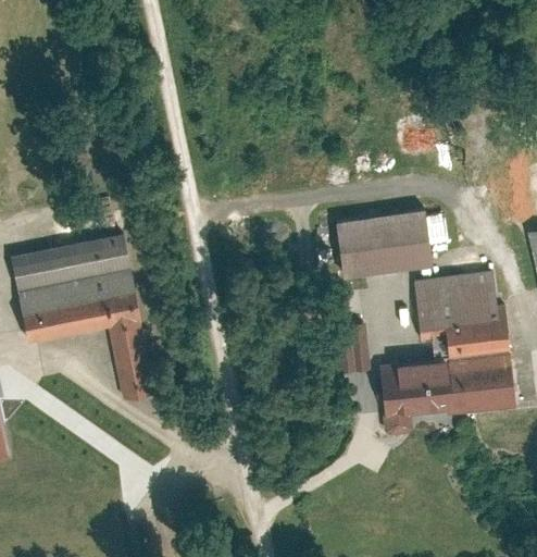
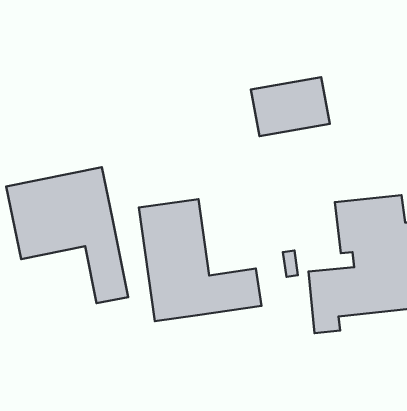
building: [340,201,438,274] -> [251,77,330,136]
building: none -> [139,199,262,321]

